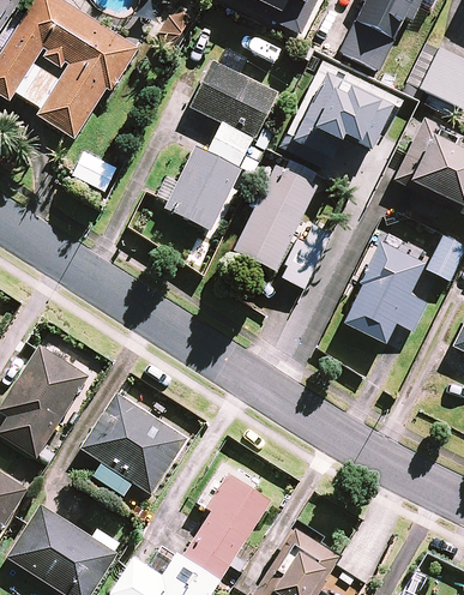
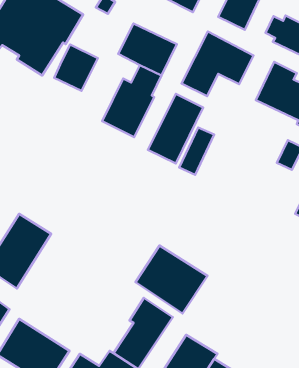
building: none -> [54,45,98,91]
building: [344,242,426,342] -> none
building: [80,391,188,493] -> [135,245,207,313]

